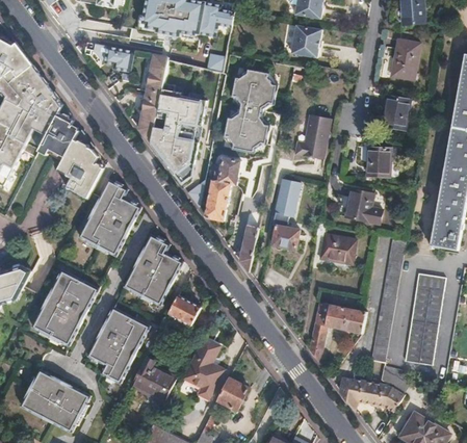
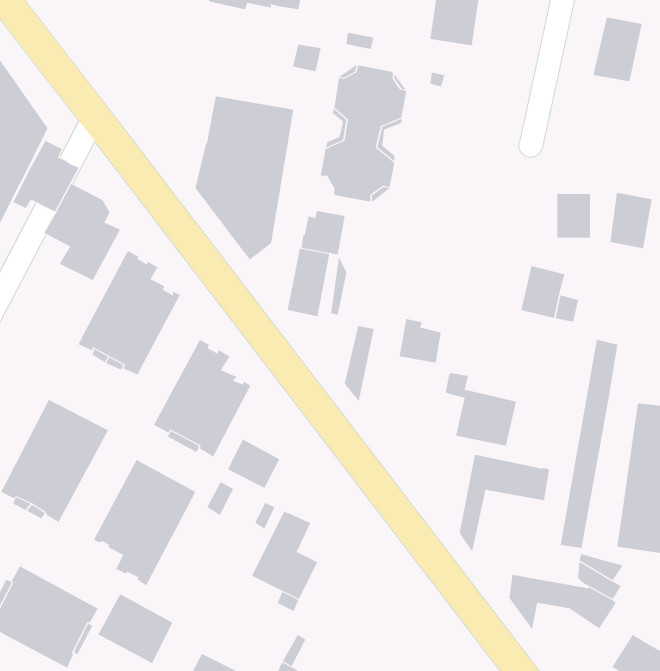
building: [102,47,133,73] -> none
building: [137,57,166,142] -> none
building: [382,93,408,127] -> [609,192,652,249]
building: [294,115,330,160] -> none
building: [276,179,301,217] -> none
building: [315,220,359,265] -> [445,372,517,446]
building: [129,361,175,403] -> [98,593,173,664]
building: [216,377,247,410] -> none

